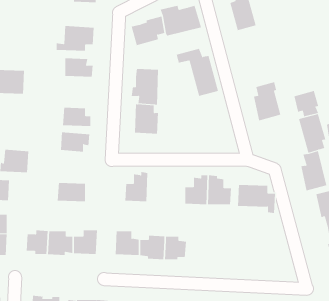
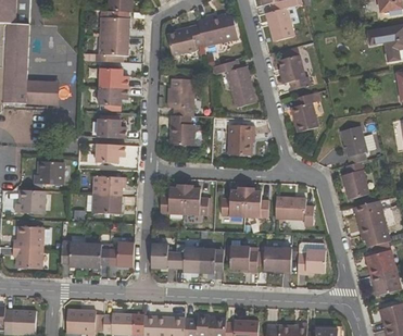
building: none -> [99,16,129,37]
building: none -> [278,53,310,88]
building: none -> [98,86,127,105]
building: [294,90,319,117] -> none
building: none -> [227,124,254,154]
building: none -> [92,175,122,195]
building: none -> [182,184,207,214]
building: none -> [295,241,325,274]
building: none -> [229,245,256,272]
building: none -> [263,247,290,273]

